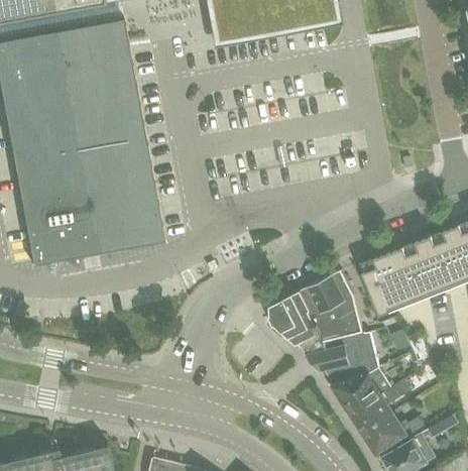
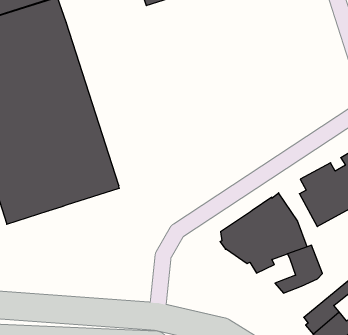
building: [306,346,349,373] -> none
building: [329,367,392,414] -> none

